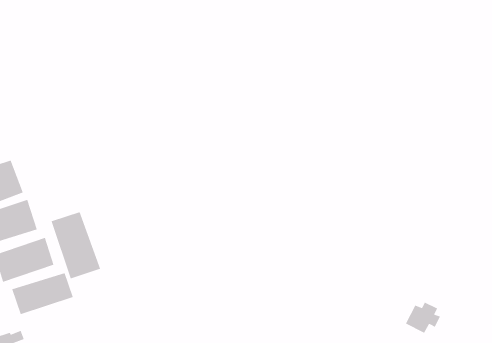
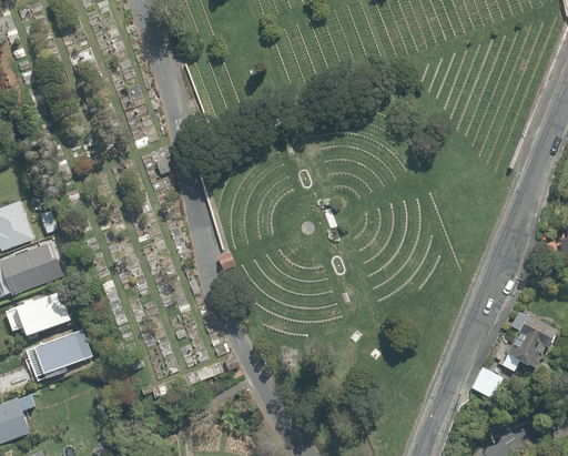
building: [50,211,101,279] -> none
building: none -> [490,311,552,372]

